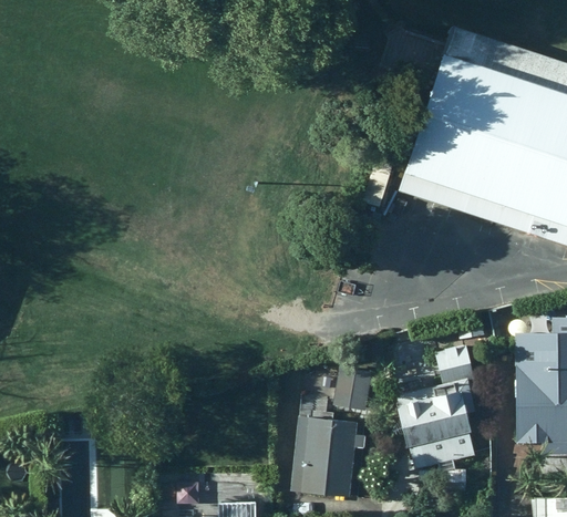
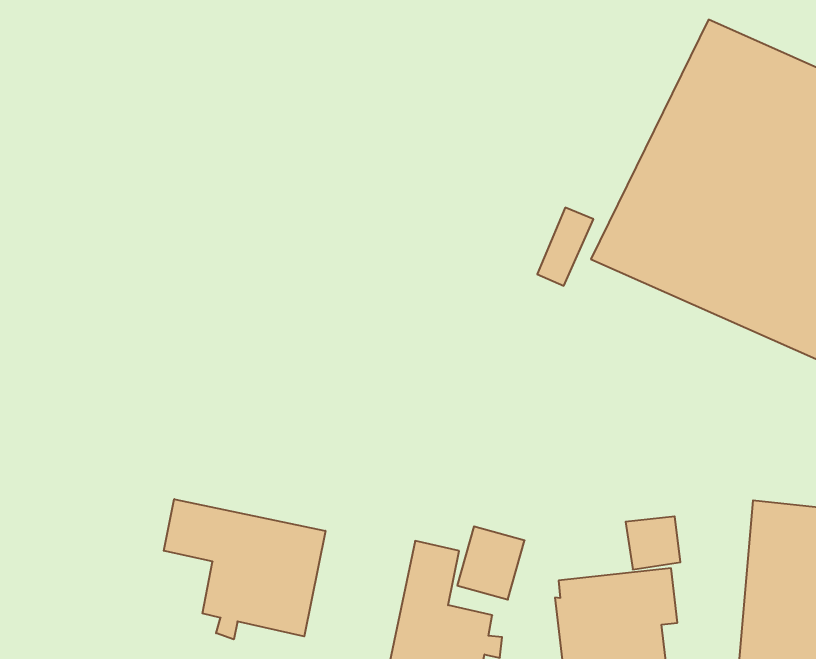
building: none -> [164,499,325,639]

